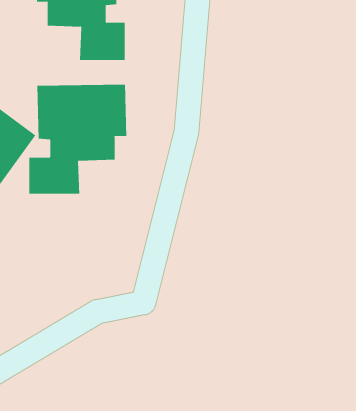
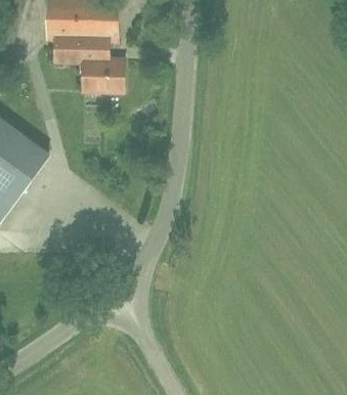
building: [29,84,127,194] -> none

